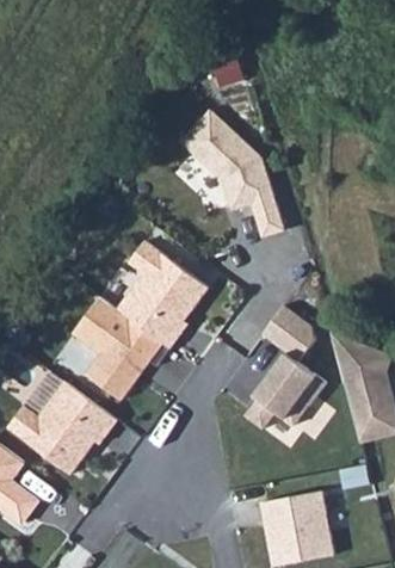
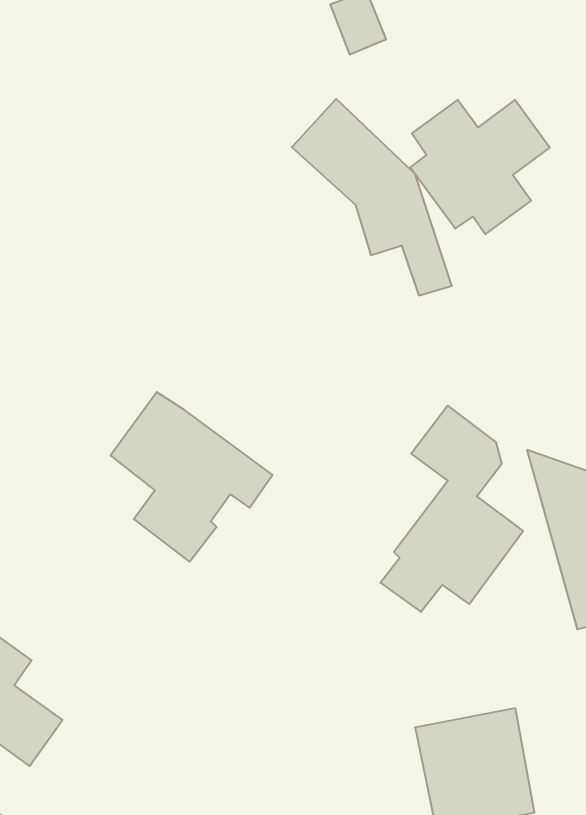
building: none -> [410,100,550,234]
building: [117,239,210,347] -> none
building: [8,383,117,474] -> none

